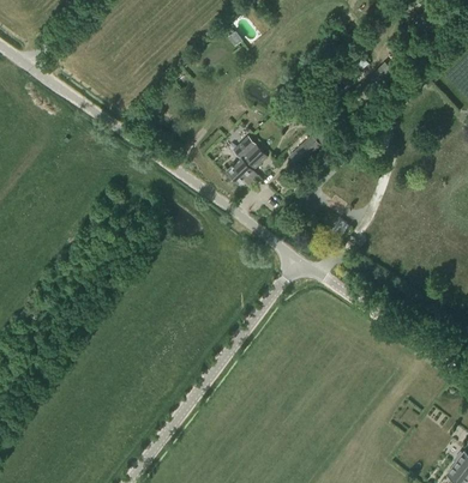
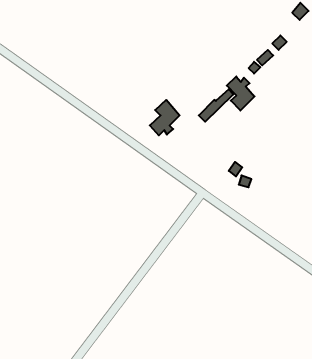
building: none -> [227,76,255,111]

